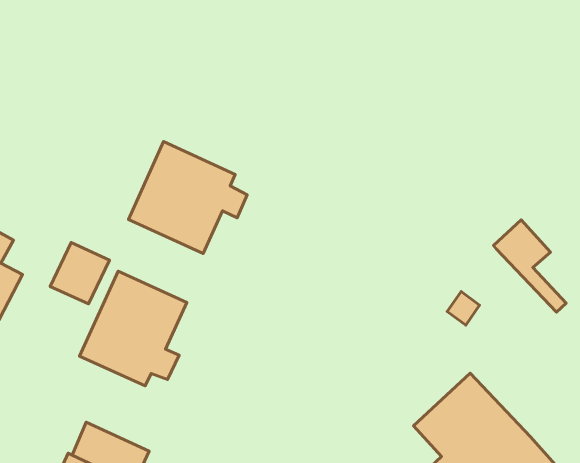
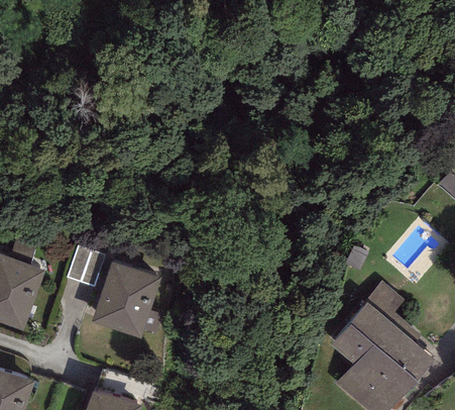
building: [128,142,247,253] -> none
building: [494,220,566,312] -> [363,281,419,342]

